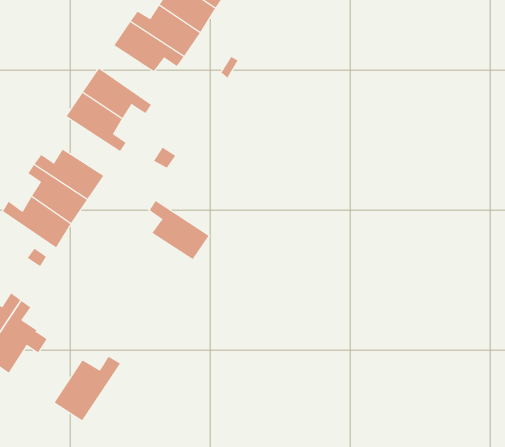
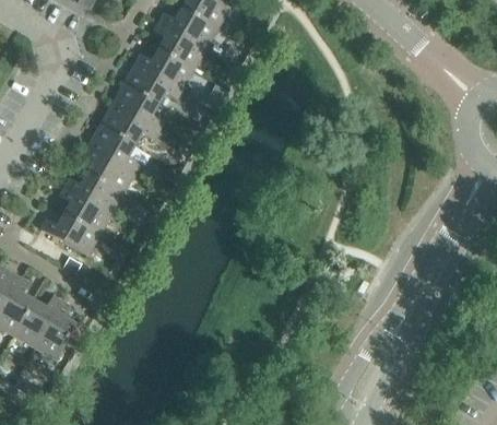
building: none -> [111,84,163,131]
building: [149,200,210,260] -> [83,145,134,192]
building: [54,356,121,421] -> none

